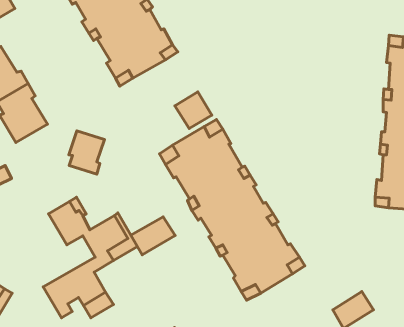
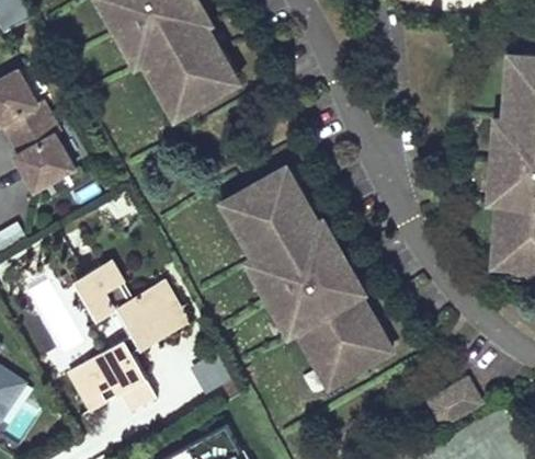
building: [175,92,212,128] -> none
building: [69,131,105,174] -> none
building: [131,217,175,255] -> none

